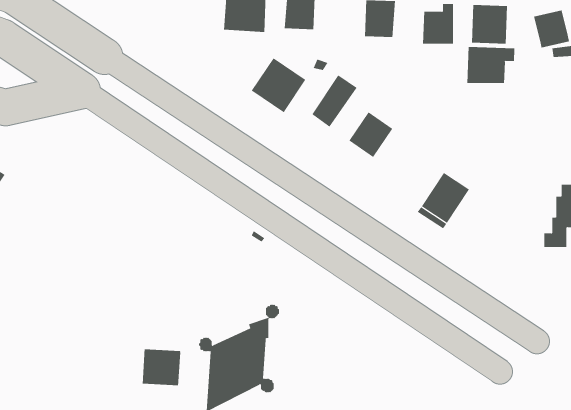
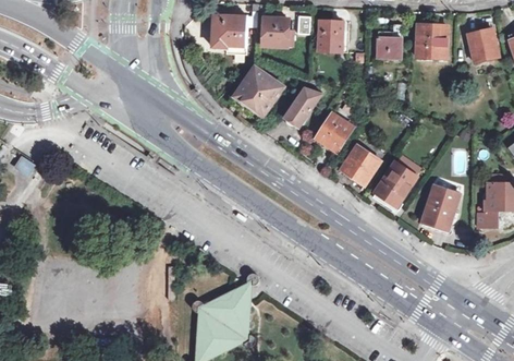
building: [467,46,515,84] -> none
building: none -> [341,146,379,184]
building: none -> [420,184,458,230]
building: [142,349,181,386] -> none

